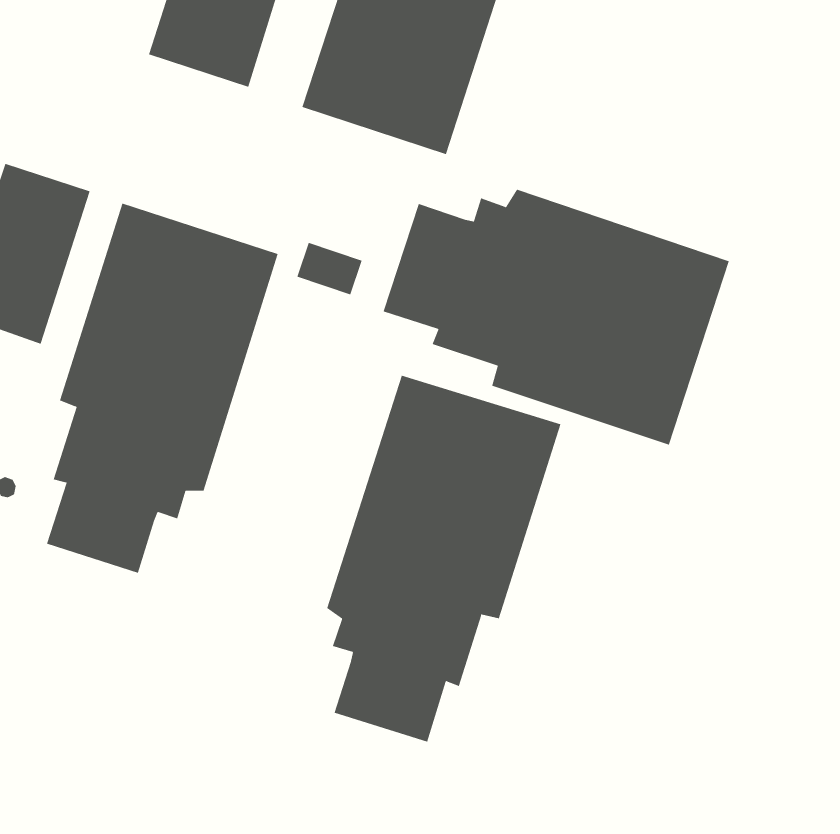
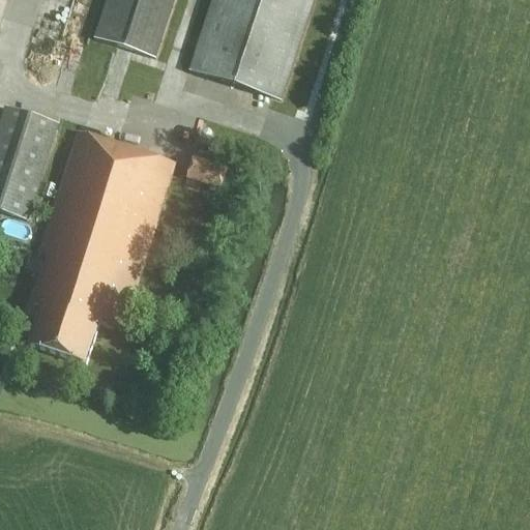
building: [383,189,729,445] -> none
building: [326,375,561,742] -> none

